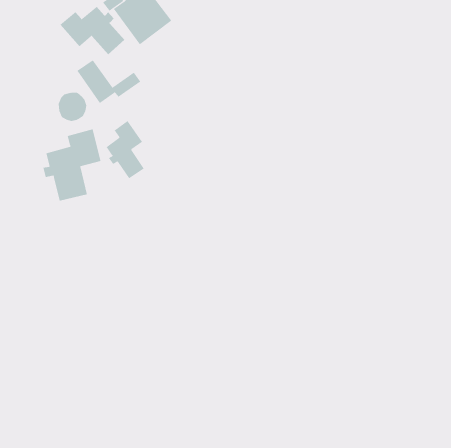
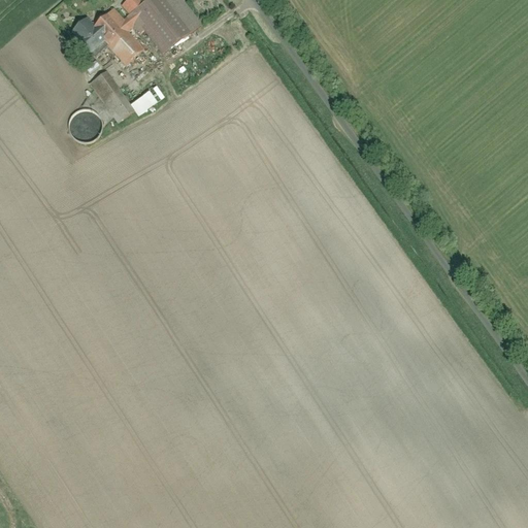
building: [106,120,145,179] -> none
building: [43,129,101,201] -> none

